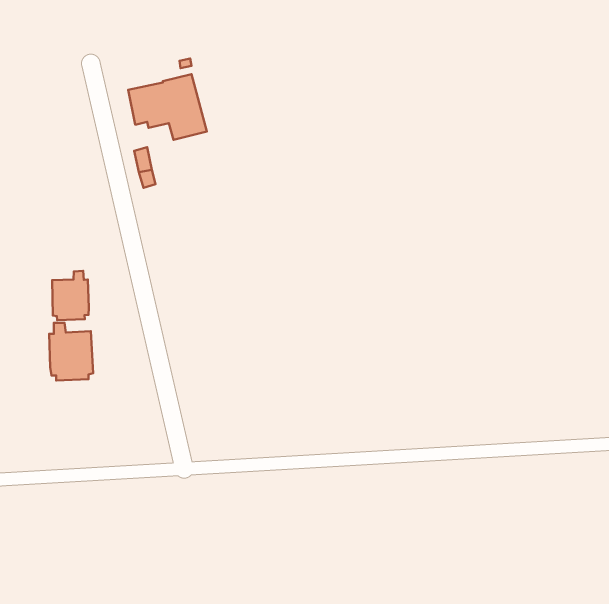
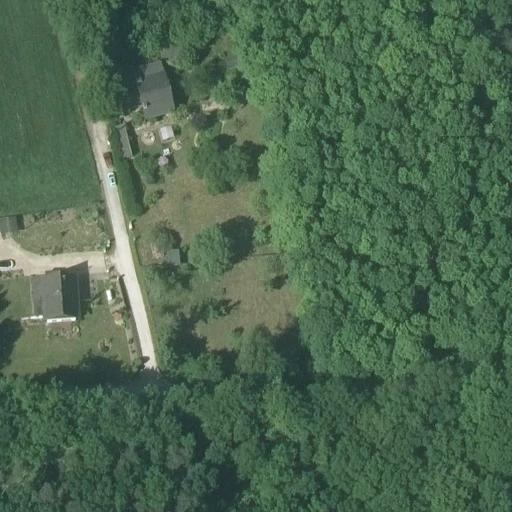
building: [52,271,89,320] -> none

